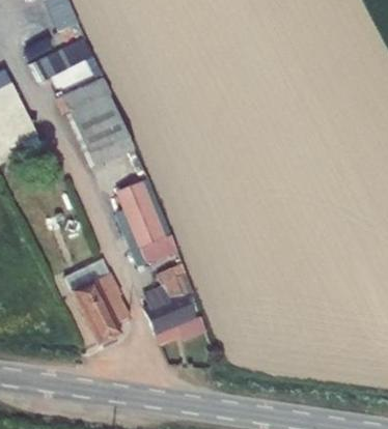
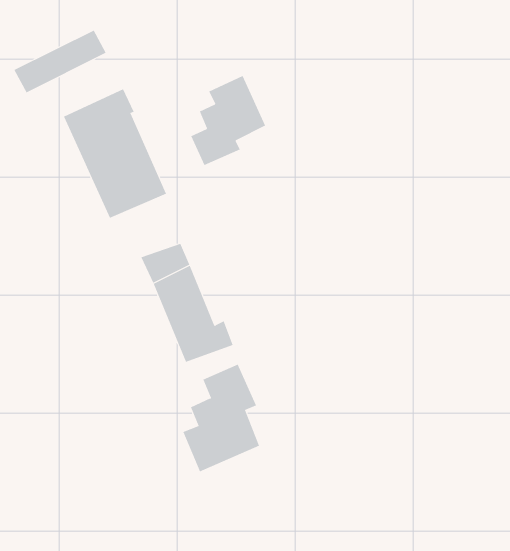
building: none -> [191,75,266,166]
building: [65,259,131,346] -> none

